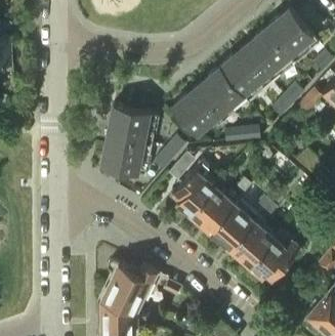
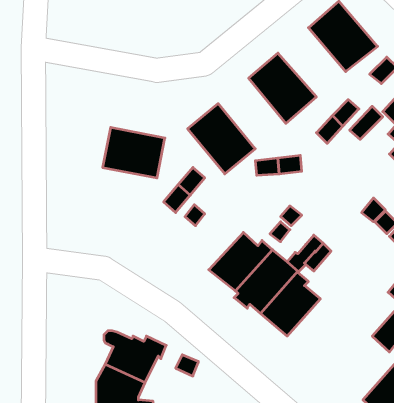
building: [242,28,294,81] -> none
building: [196,67,248,121] -> none
building: [100,135,149,174] -> none
building: [171,160,215,214] -> none
building: [249,237,301,281] -> none

